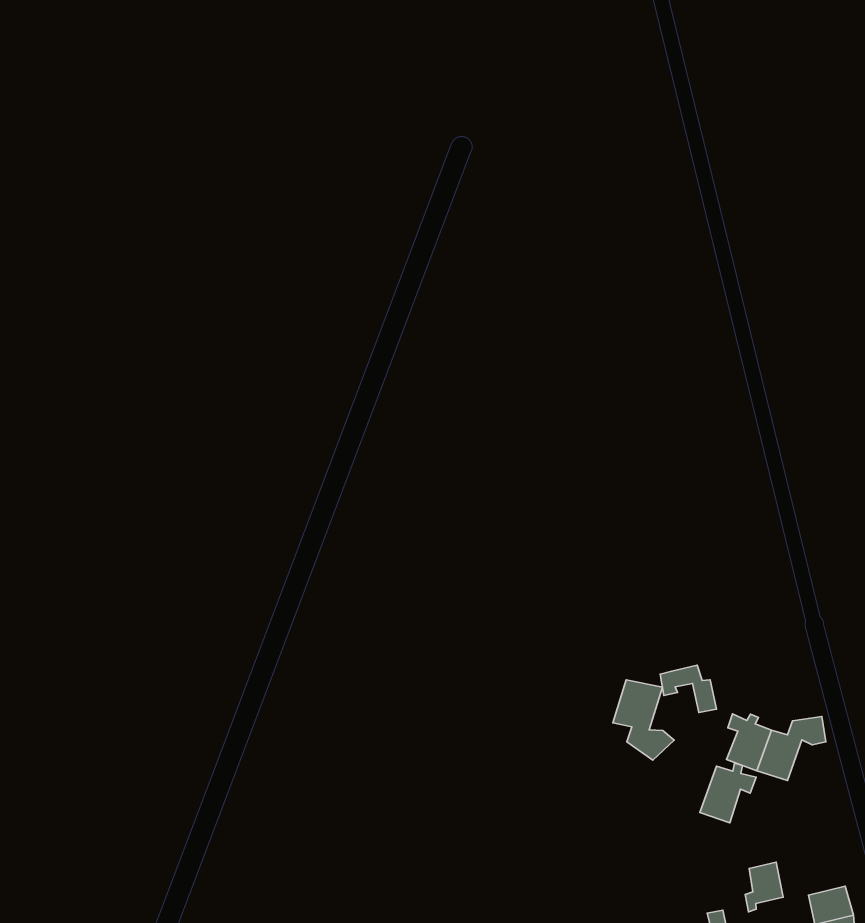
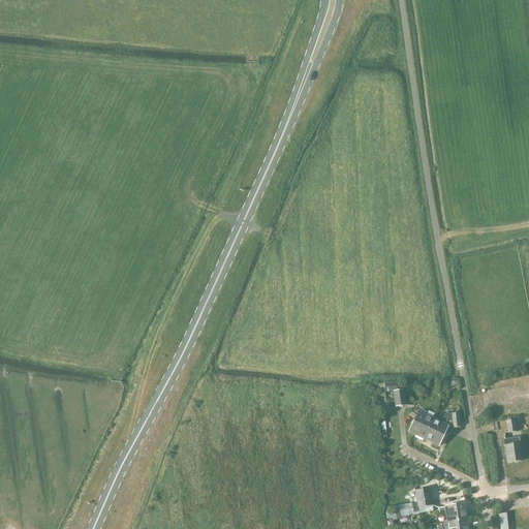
building: [613,680,674,760] -> none
building: [700,763,756,823] -> none

